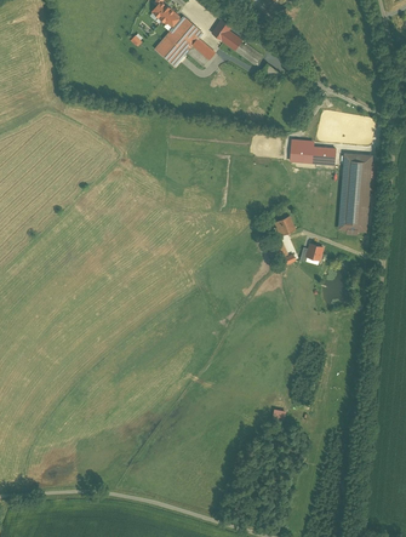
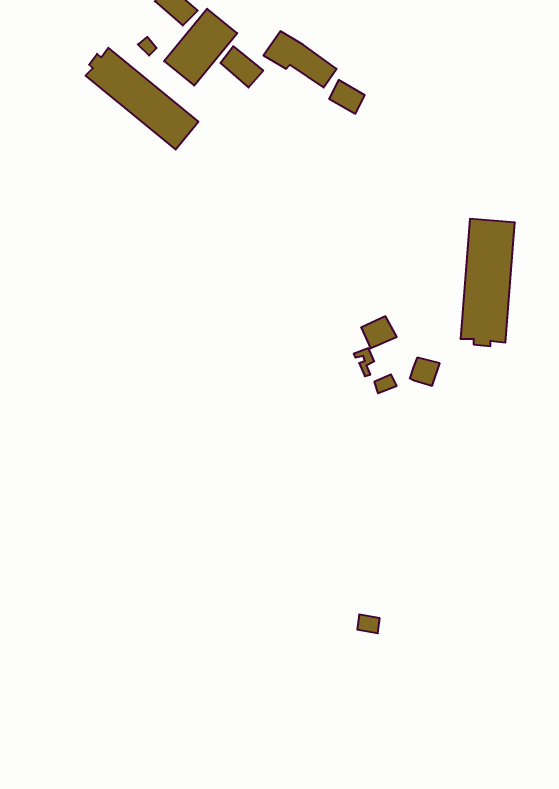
building: none -> [86,48,198,150]
building: [290,138,337,165] -> none

